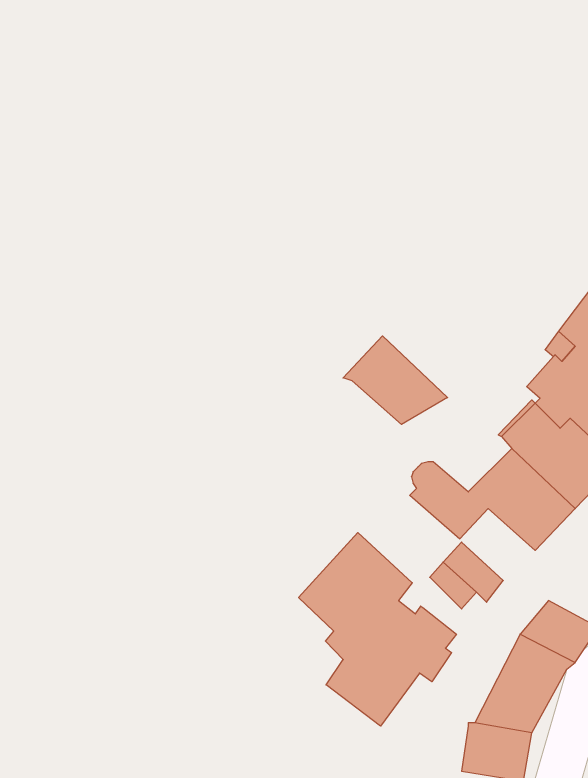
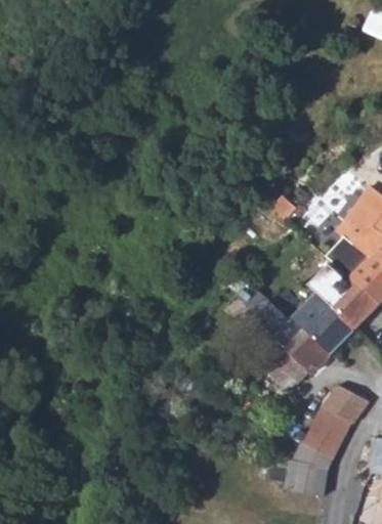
building: [343,336,448,424] -> none
building: none -> [284,329,330,373]
building: [299,533,456,726] -> none

